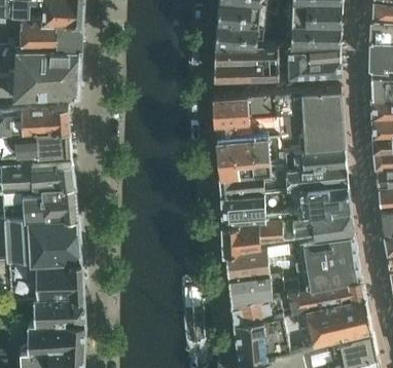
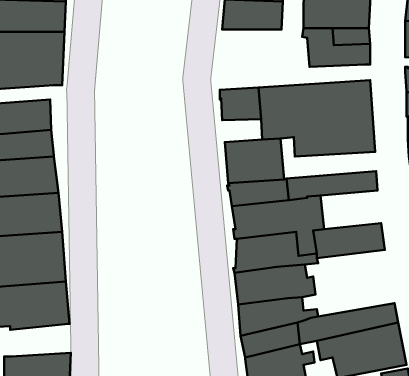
building: [212,46,276,80] -> none
building: [214,122,248,142] -> none
building: [263,138,345,174] -> none
building: [297,183,349,216] -> none
building: [284,233,360,290] -> none
building: [34,296,85,324] -> none

